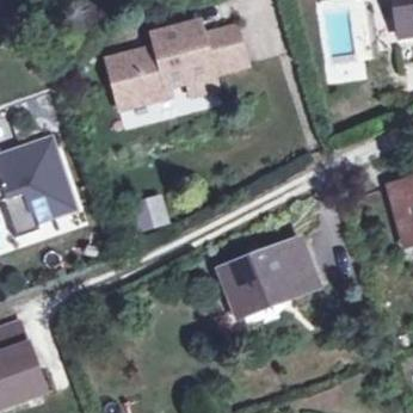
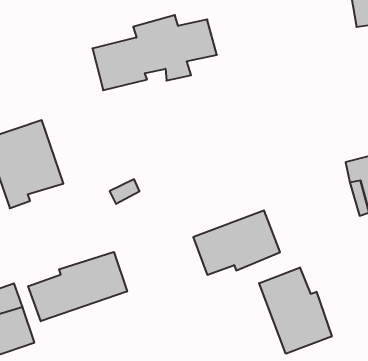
building: none -> [28,252,127,321]
building: none -> [259,267,332,354]

